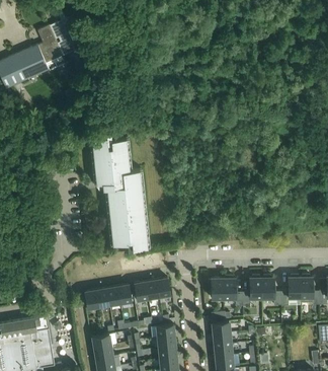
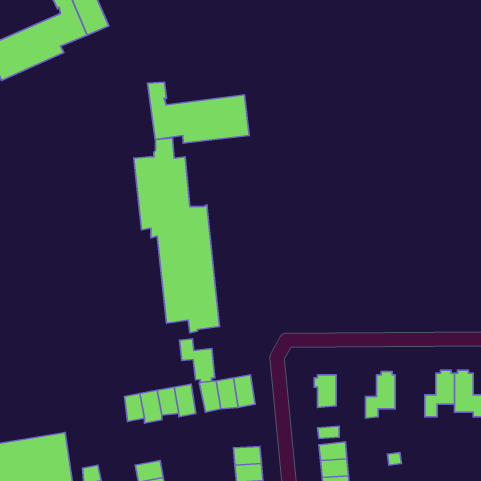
building: none -> [148,82,249,143]
building: none -> [180,339,215,382]
building: [223,276,242,306] -> none
building: [261,276,280,305] -> none

